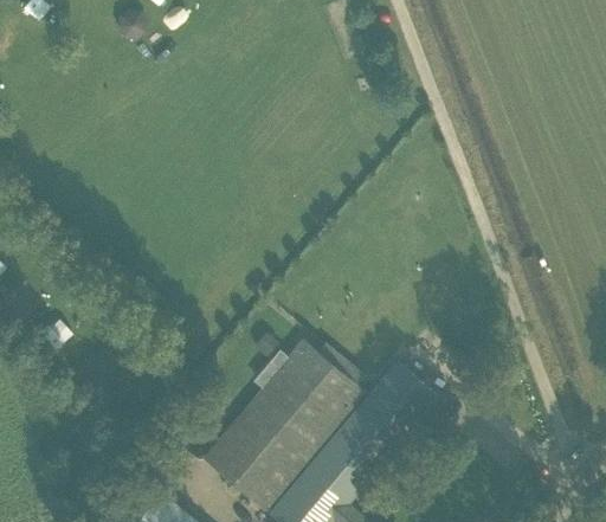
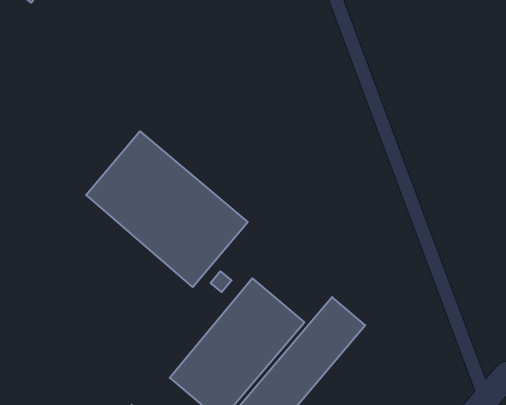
building: none -> [86,131,248,287]

